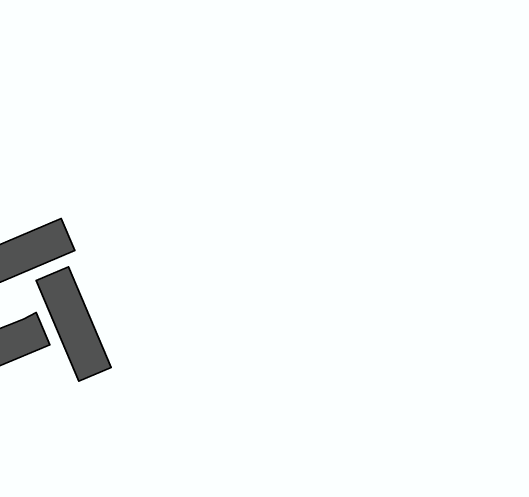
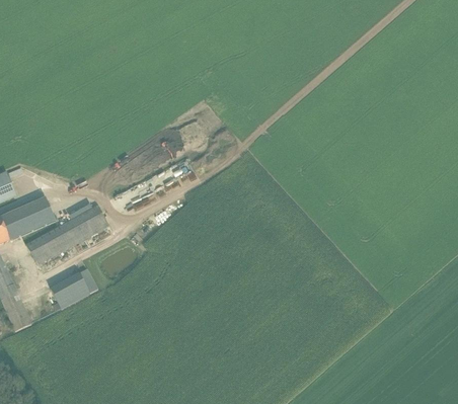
building: [36,267,111,381] -> none

